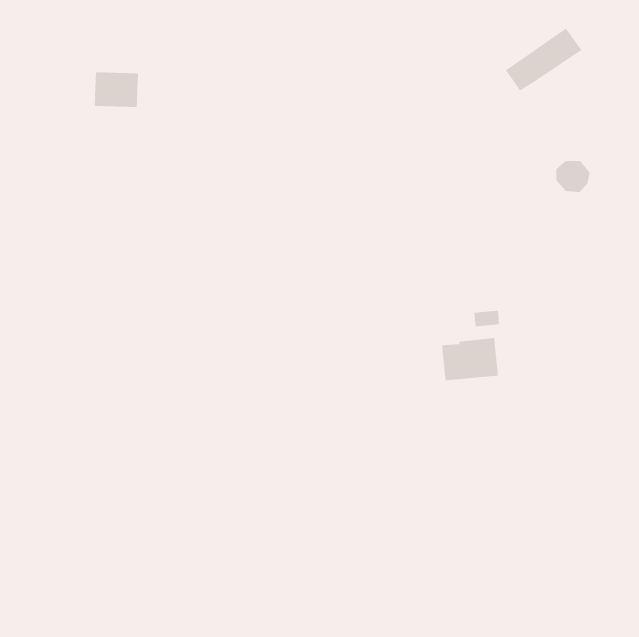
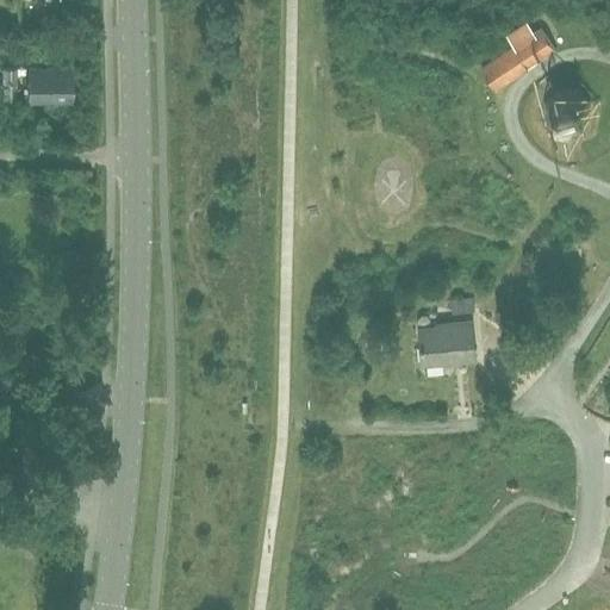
building: [94,71,139,108] -> [20,69,63,104]
building: [556,160,591,193] -> [553,97,586,127]

